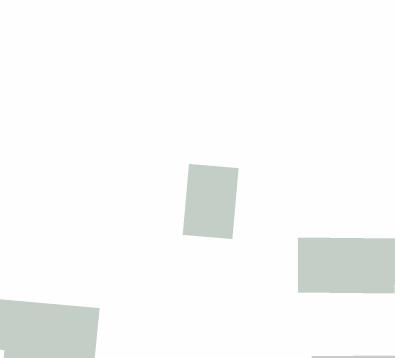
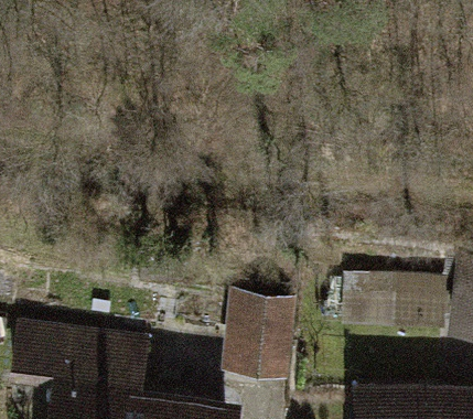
building: [182,164,239,240] -> [233,292,292,370]

